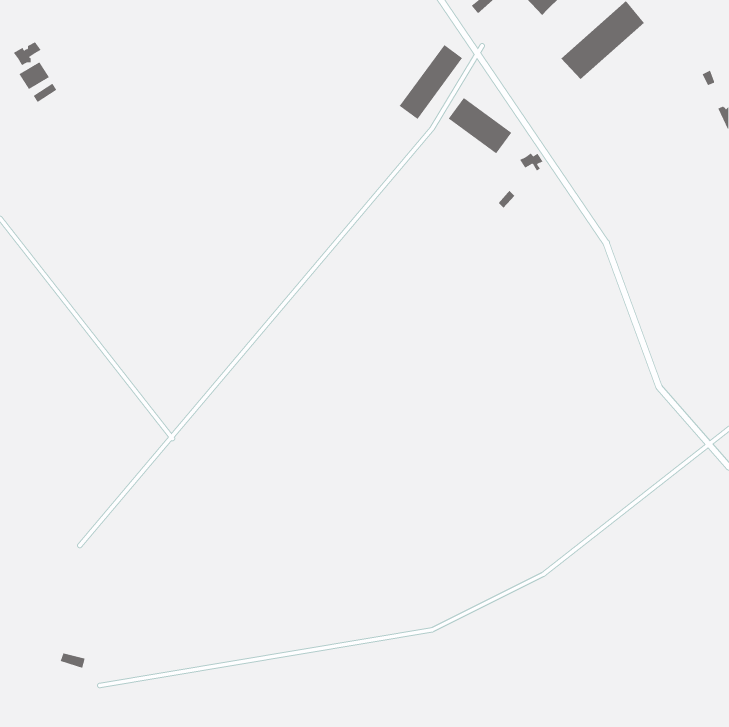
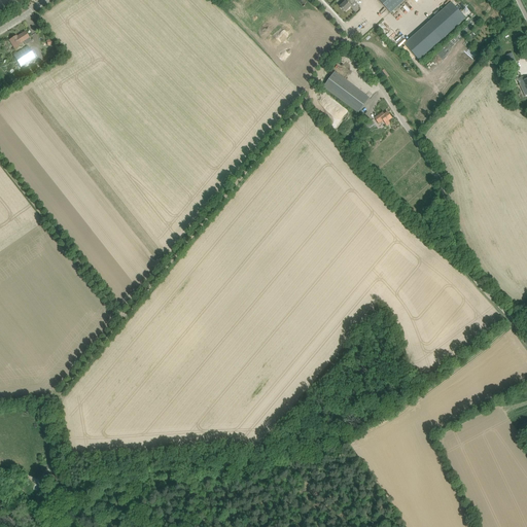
building: [399,44,463,120] -> none

